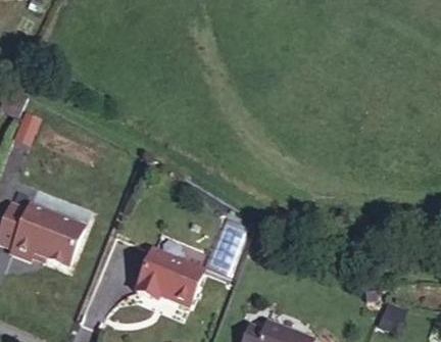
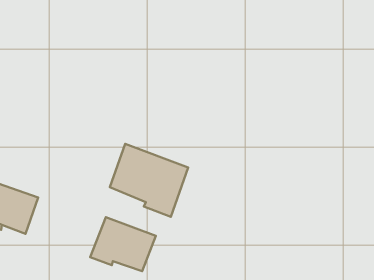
building: none -> [110,144,188,217]

